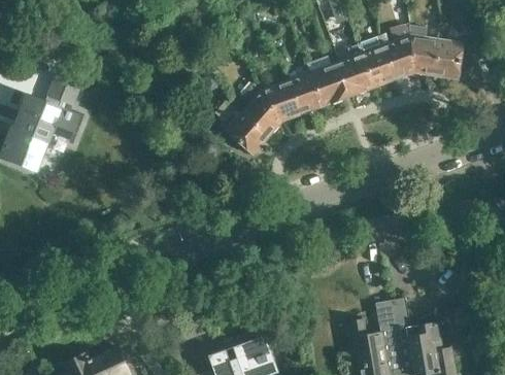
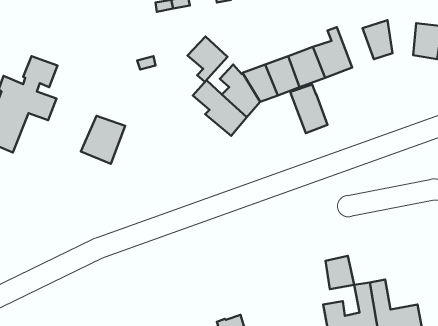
building: [408,25,437,73] -> none
building: [358,37,395,86] -> [290,84,328,133]
building: none -> [187,36,228,82]
building: none -> [81,116,125,164]
building: none -> [326,256,354,289]

